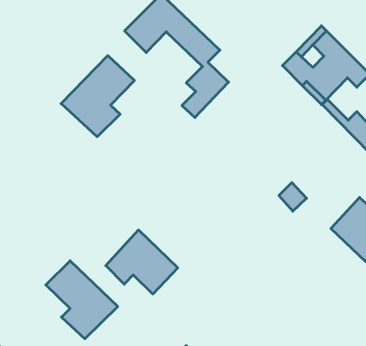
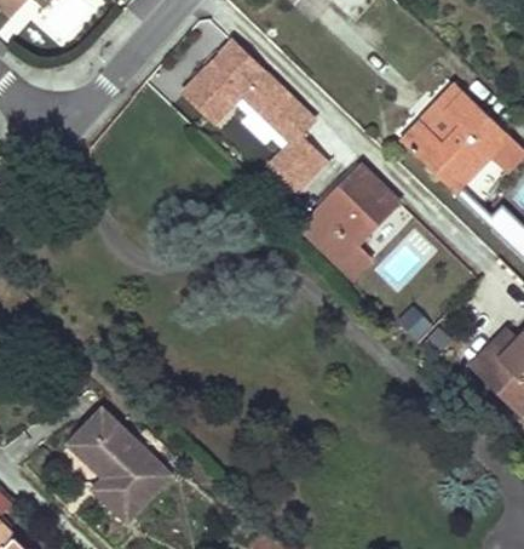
building: [61,56,134,137] -> none
building: none -> [300,166,407,278]
building: [106,230,178,294] -> none

